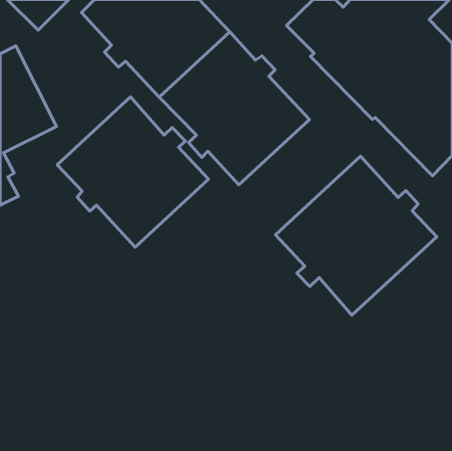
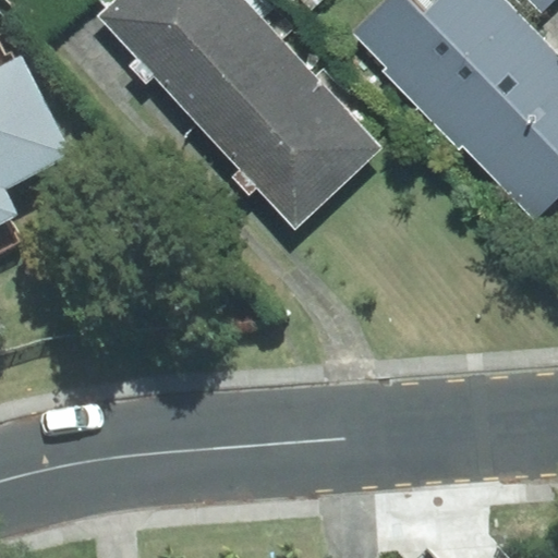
building: [57,97,208,247] -> none
building: [276,156,437,315] -> none

